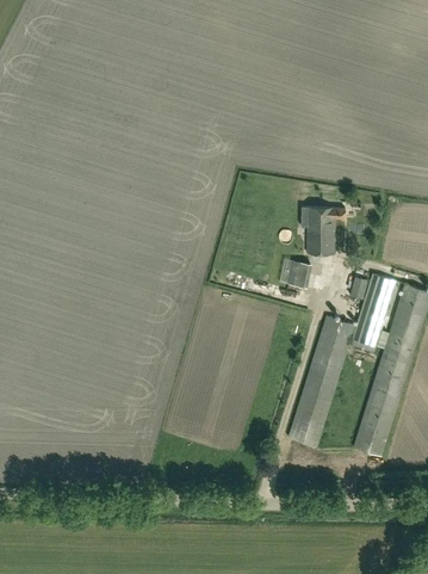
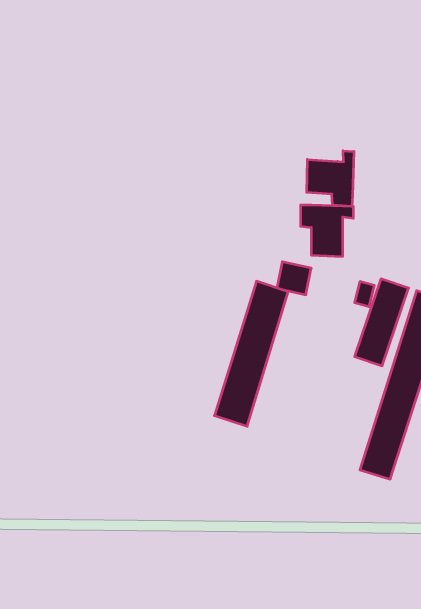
building: none -> [307,151,354,206]
building: [287,315,354,446] -> [214,281,288,426]

